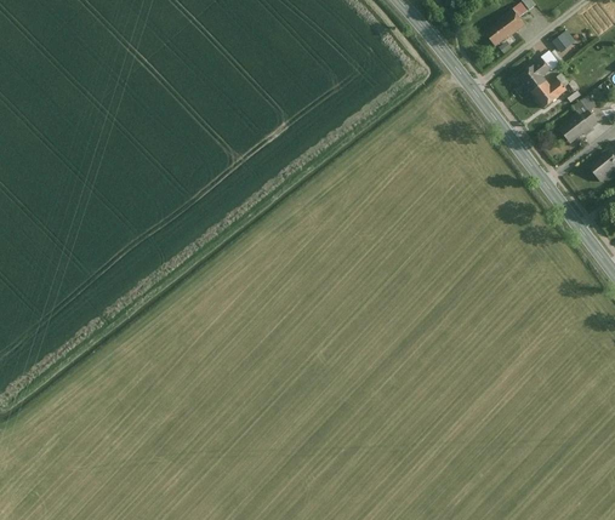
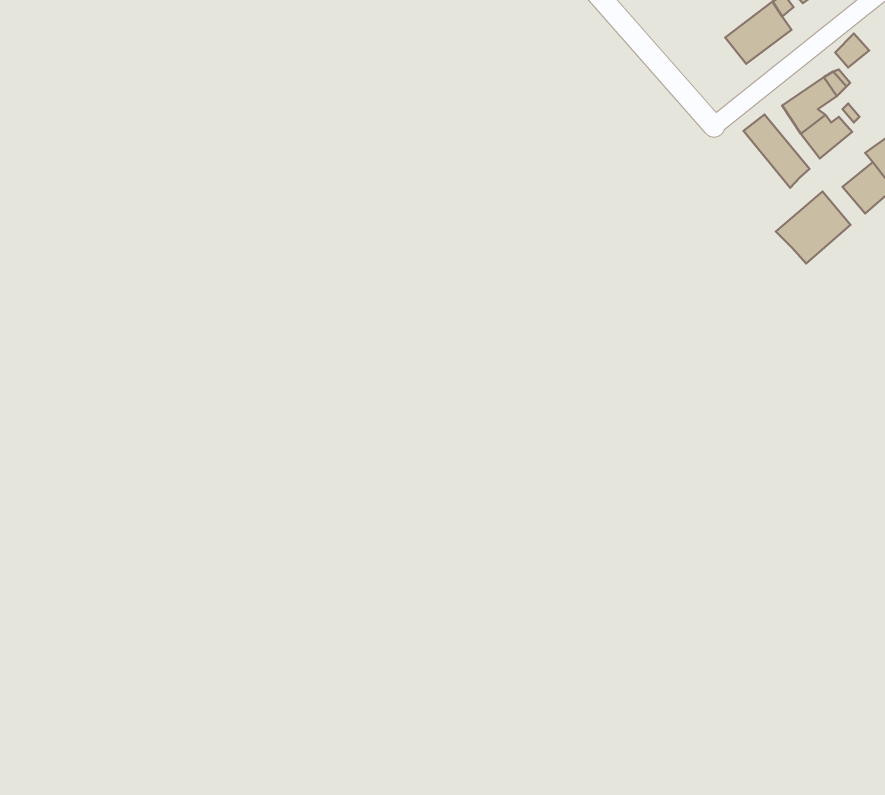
building: none -> [743,114,809,188]
building: none -> [776,191,851,263]

